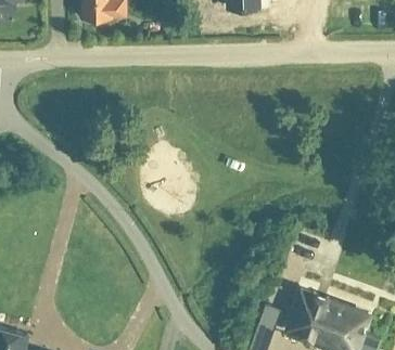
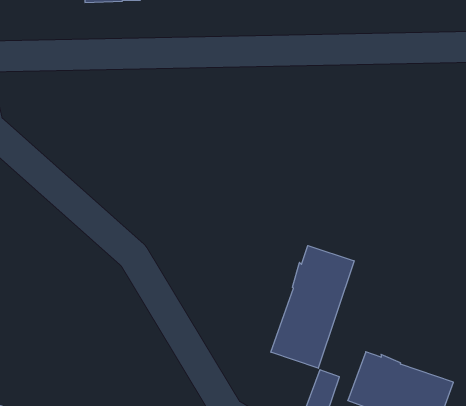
building: none -> [271,246,354,368]

